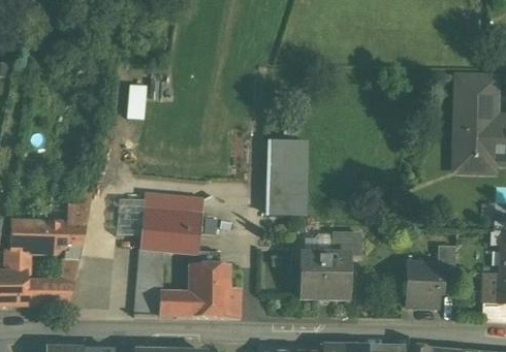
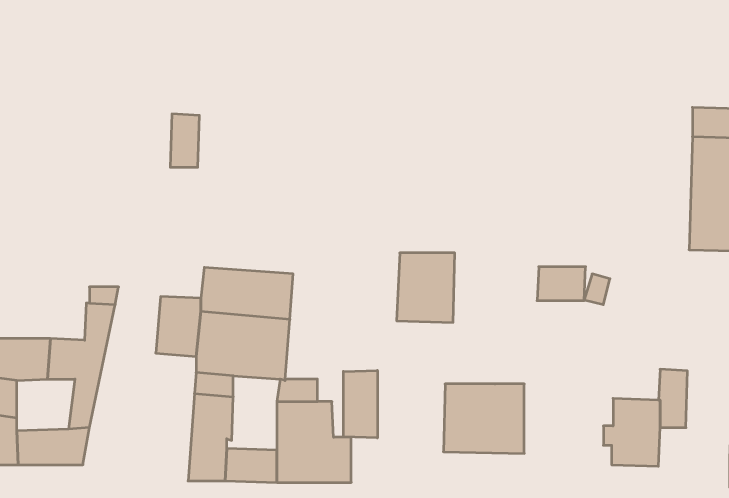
building: [272,141,309,170] -> none
building: [333,232,363,254] -> [537,267,586,301]
building: none -> [343,370,377,438]

